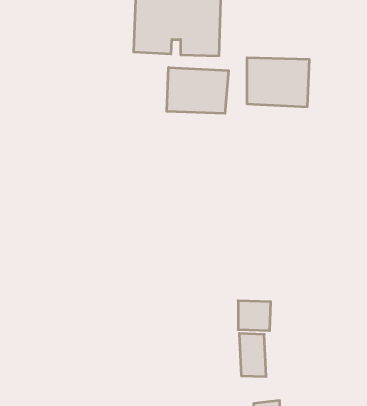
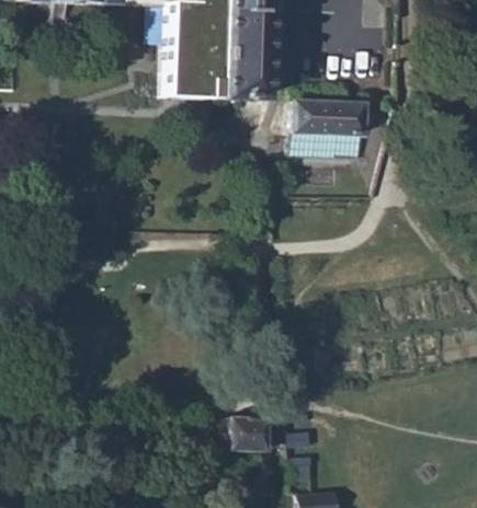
building: [167,67,229,113] -> none
building: [238,301,271,331] -> [231,416,269,450]

